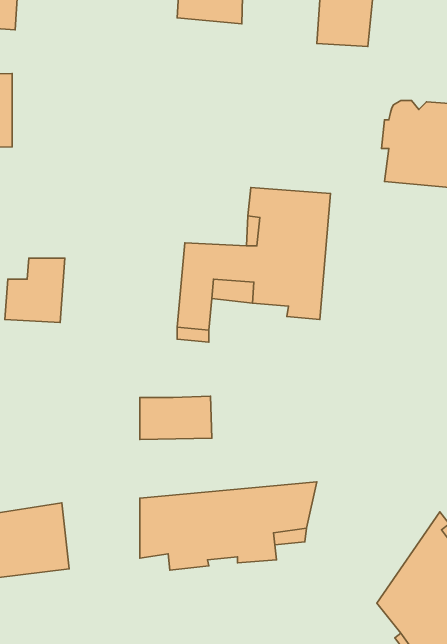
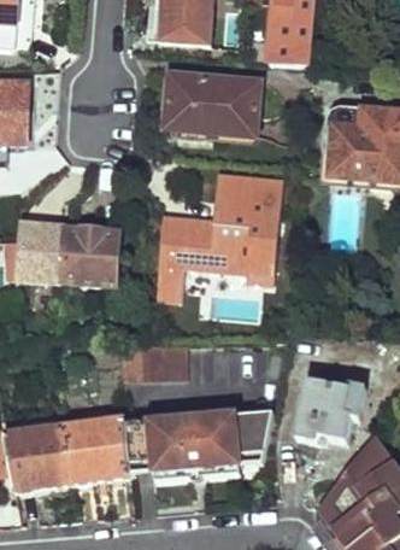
building: none -> [158,66,261,135]
building: none -> [64,232,117,285]
building: none -> [293,378,366,444]
building: none -> [65,422,128,481]

